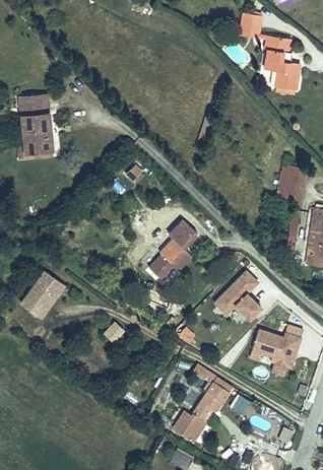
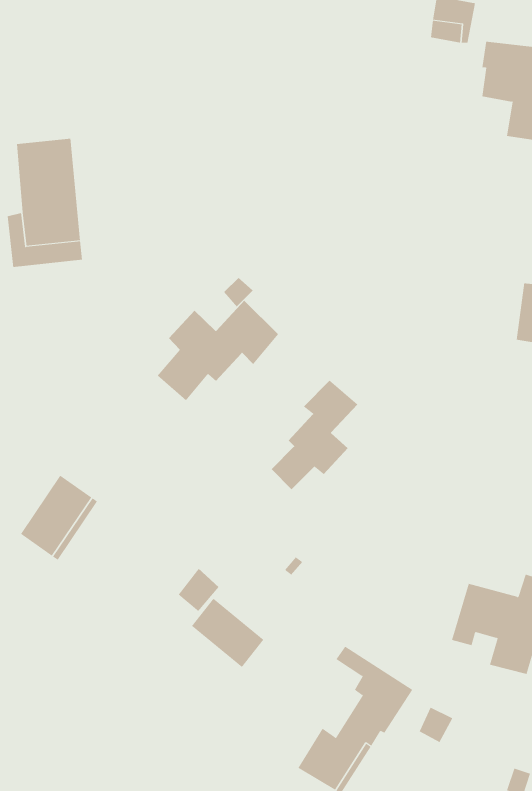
building: none -> [157,300,279,401]
building: [213,269,264,322] -> none
building: none -> [191,598,264,668]

